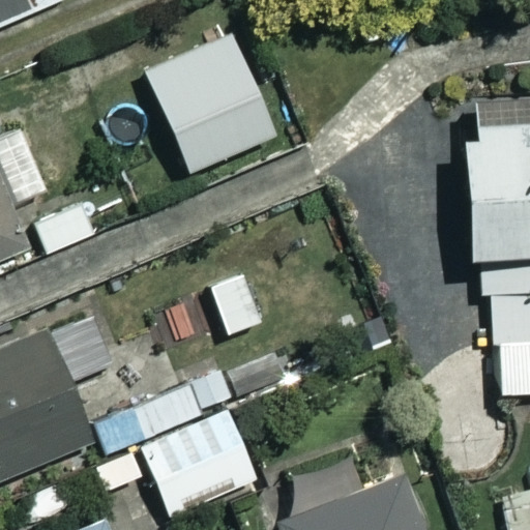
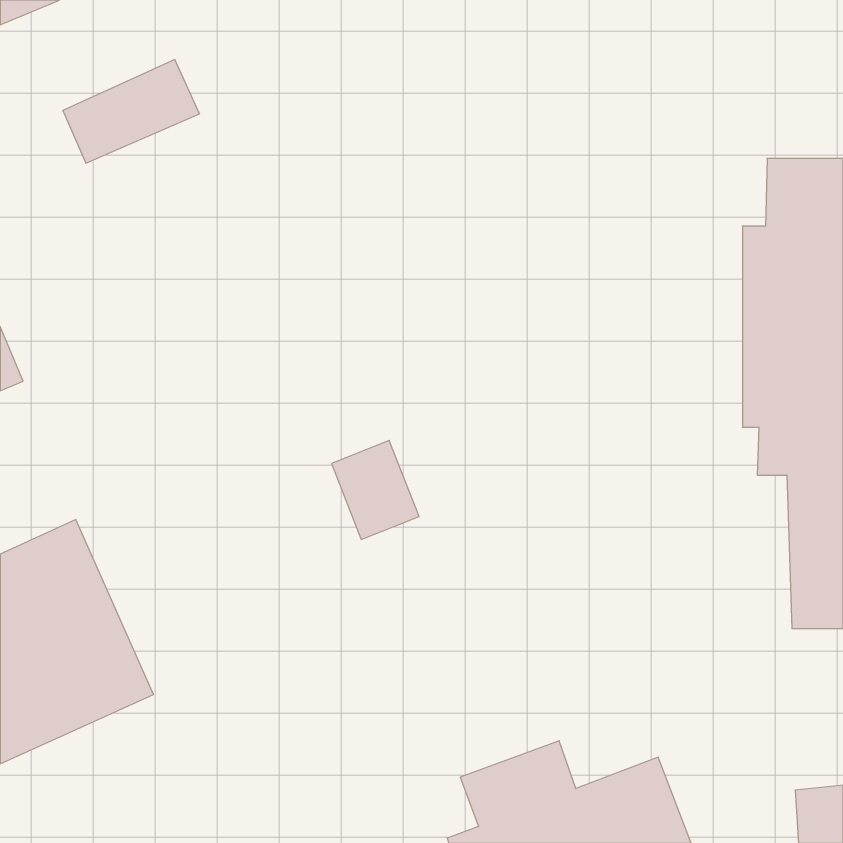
building: [131,27,266,166] -> none
building: [145,415,263,523] -> none

